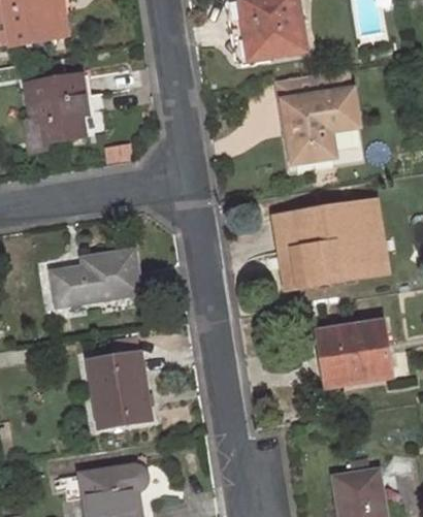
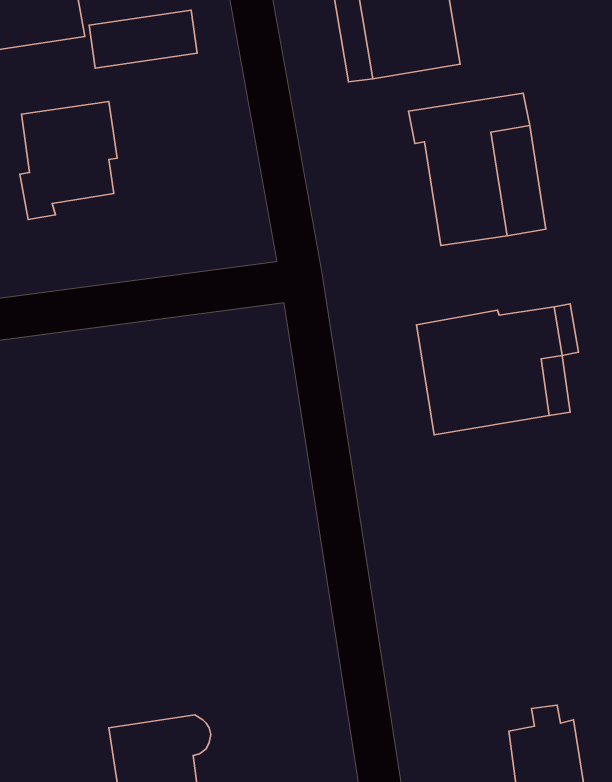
building: none -> [89,10,197,68]
building: [51,250,142,306] -> none
building: [319,320,391,386] -> none
building: [88,354,151,428] -> none

